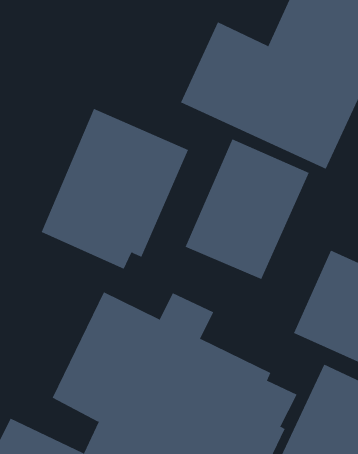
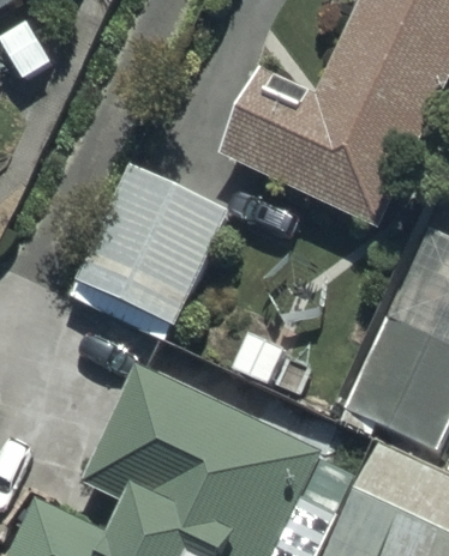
building: [185,139,309,280] -> none

